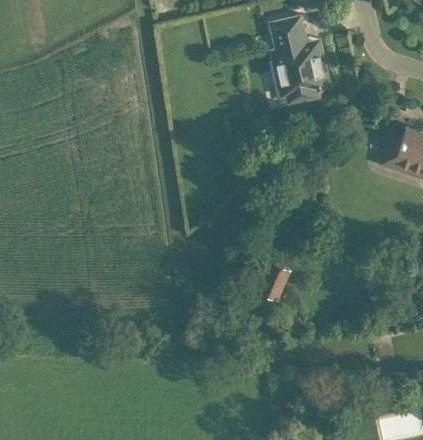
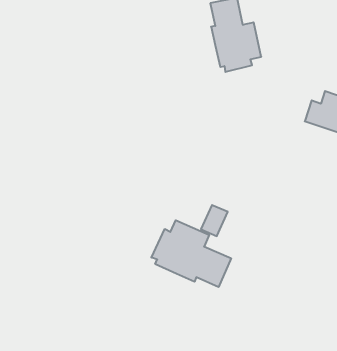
building: none -> [151,220,231,287]

